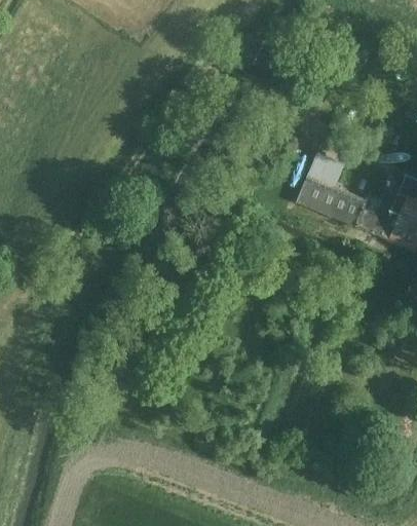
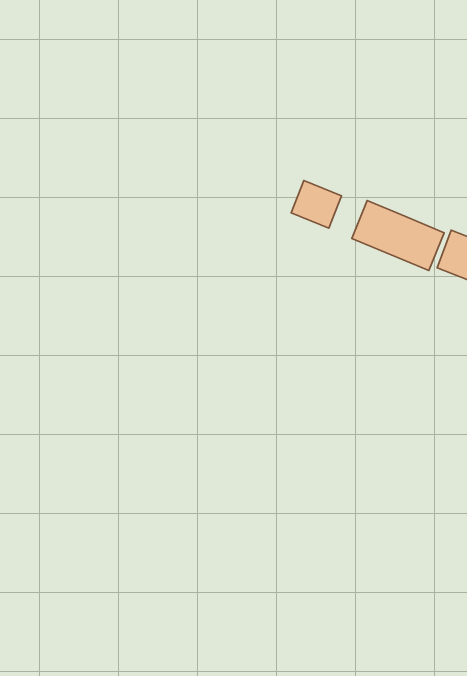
building: [304,149,341,184] -> [291,181,342,228]

